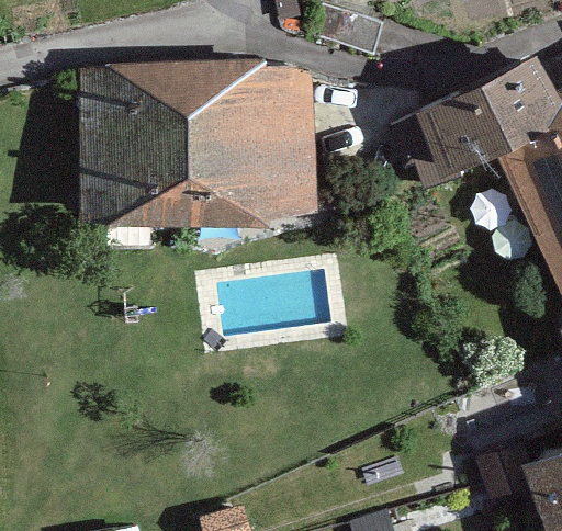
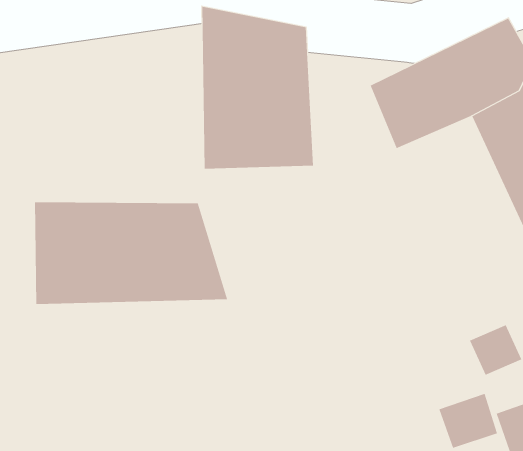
building: [92,52,221,221] -> none
building: none -> [35,202,228,305]

